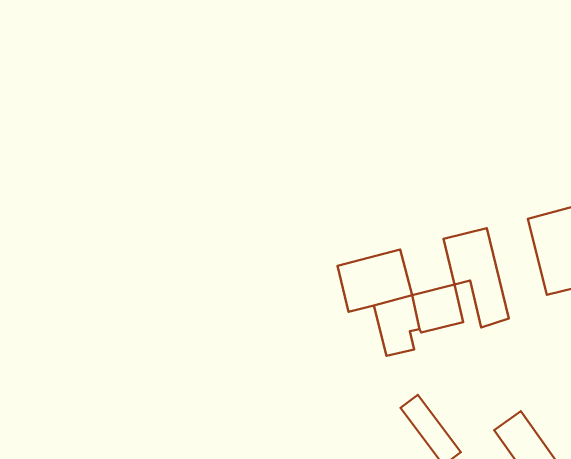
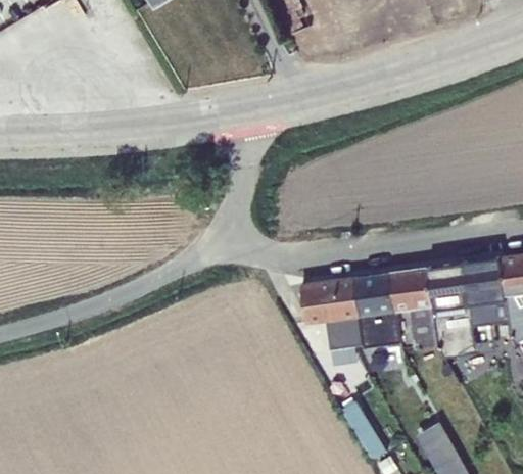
building: none -> [427,263,480,357]
building: none -> [353,272,395,316]

